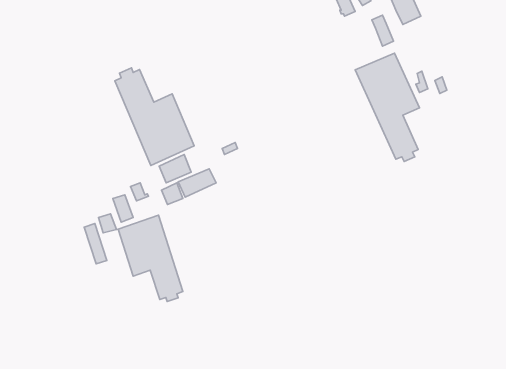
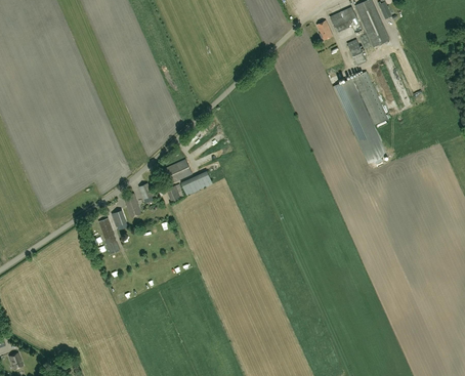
building: [115,68,194,166] -> none
building: [118,215,183,302] -> none

